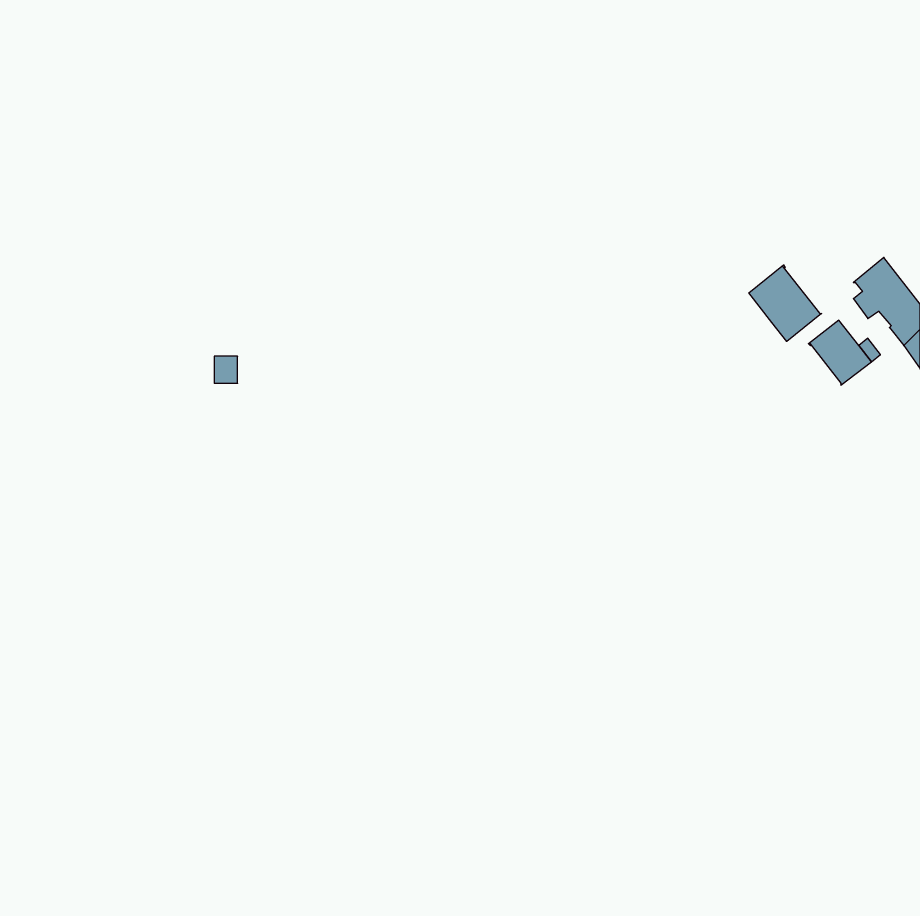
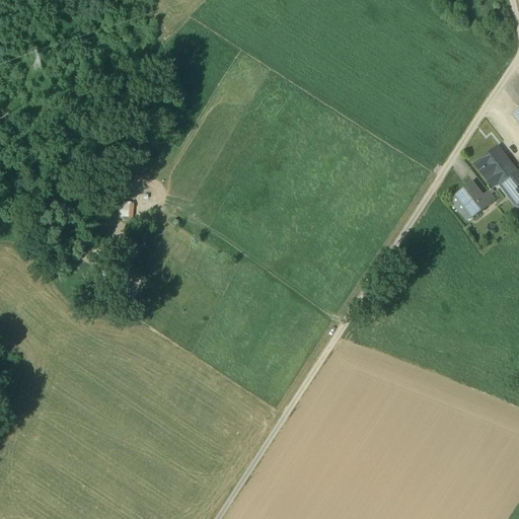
building: [749,265,822,341] -> none

